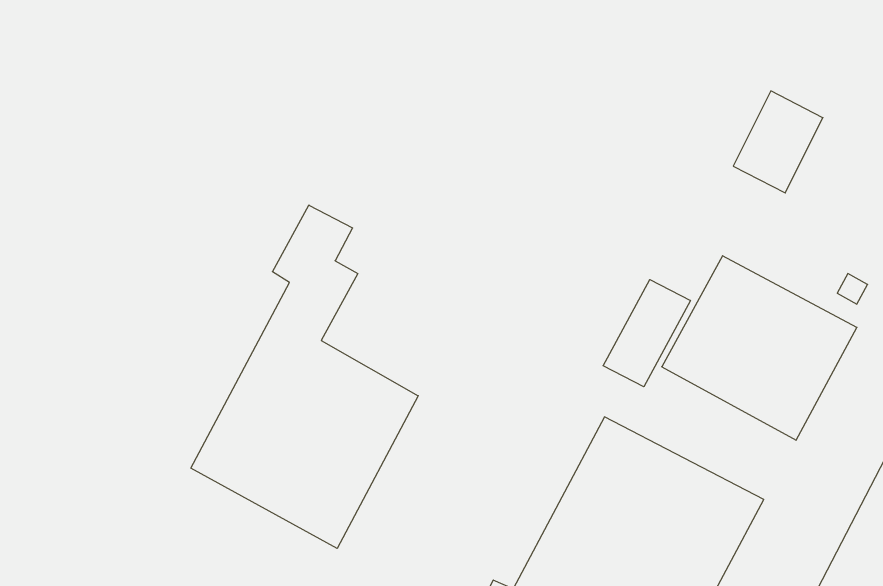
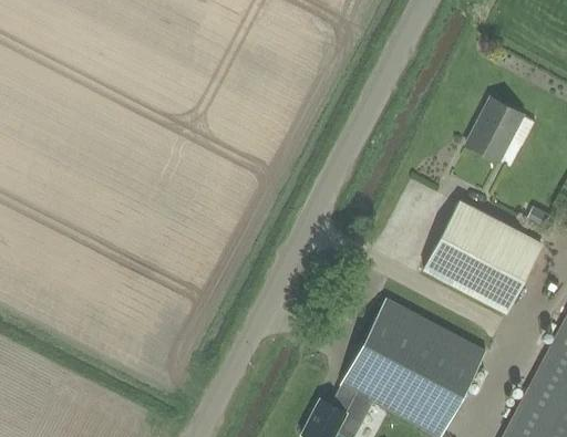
building: [191,205,418,548] -> none
building: [603,280,690,387] -> none

